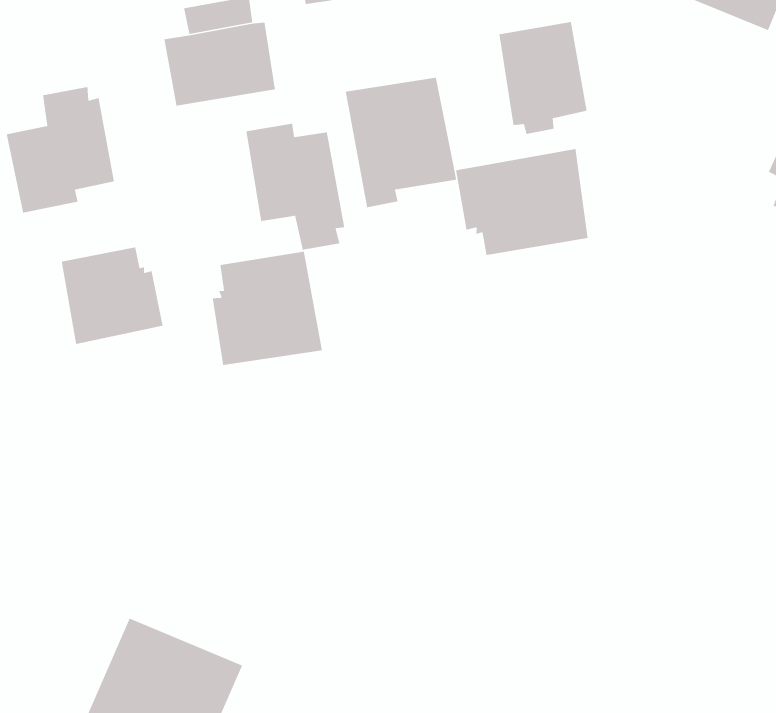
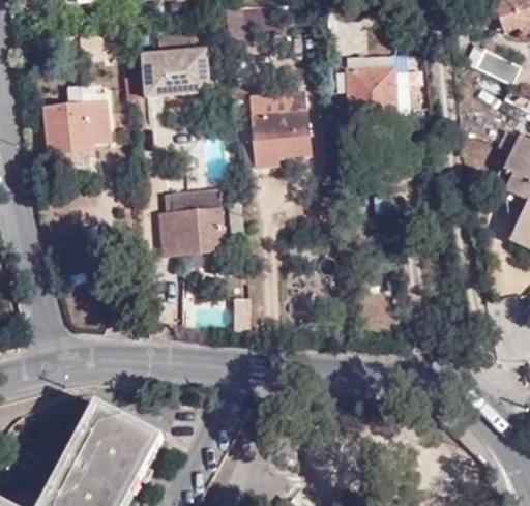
building: [246,123,345,251] -> none
building: [455,148,589,256] -> none
building: [61,246,164,345] -> none

